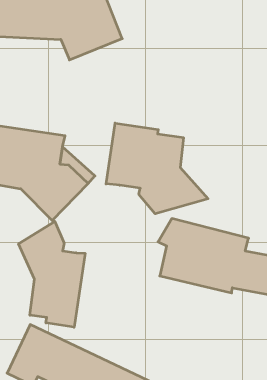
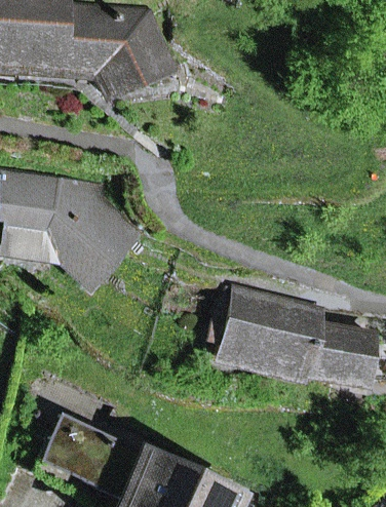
building: [106,123,208,214] -> none
building: [19,221,85,327] -> none

